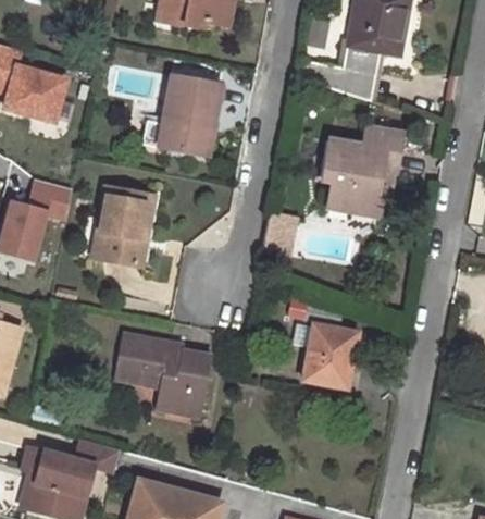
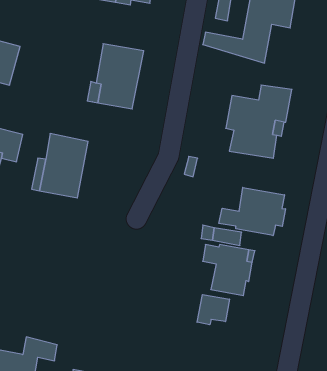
building: none -> [219,187,285,236]
building: [114,334,212,418] -> none
building: none -> [197,295,229,325]

